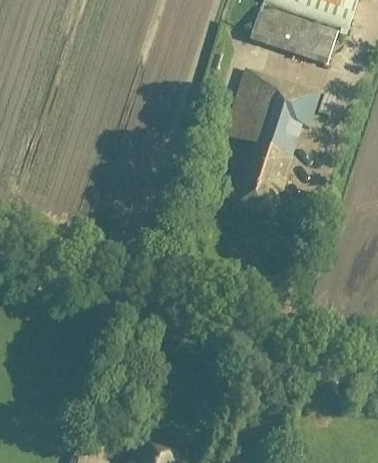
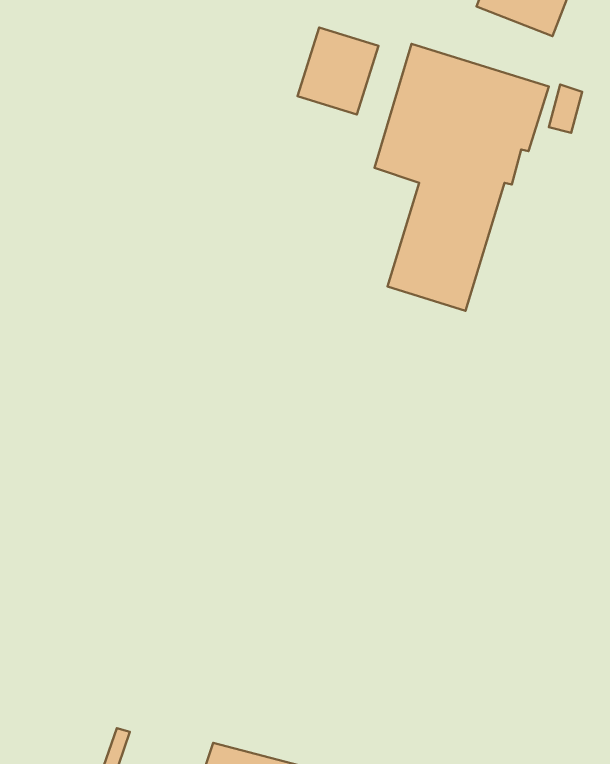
building: none -> [298,27,378,114]

